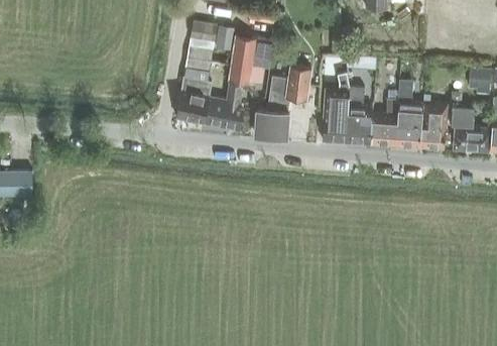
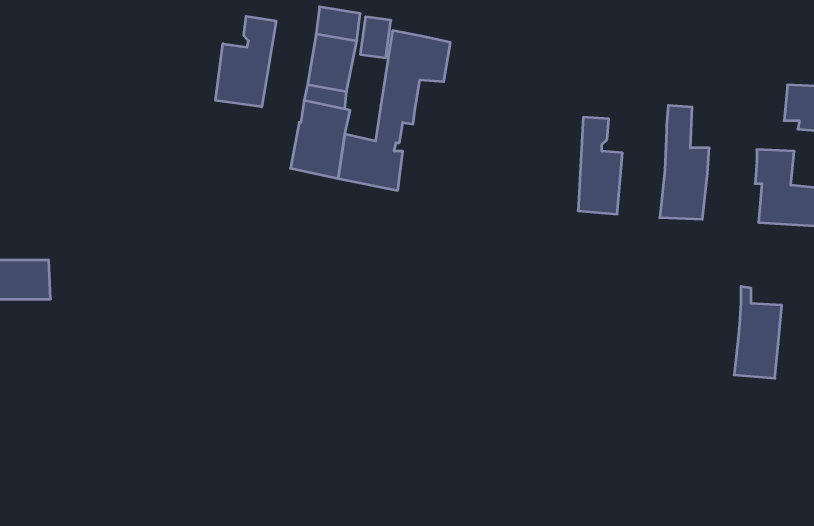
building: none -> [216,16,276,107]
building: [254,64,310,137] -> none
building: [322,73,349,141] -> none
building: [370,90,398,145] -> none
building: [419,94,448,148] -> [734,286,782,378]

